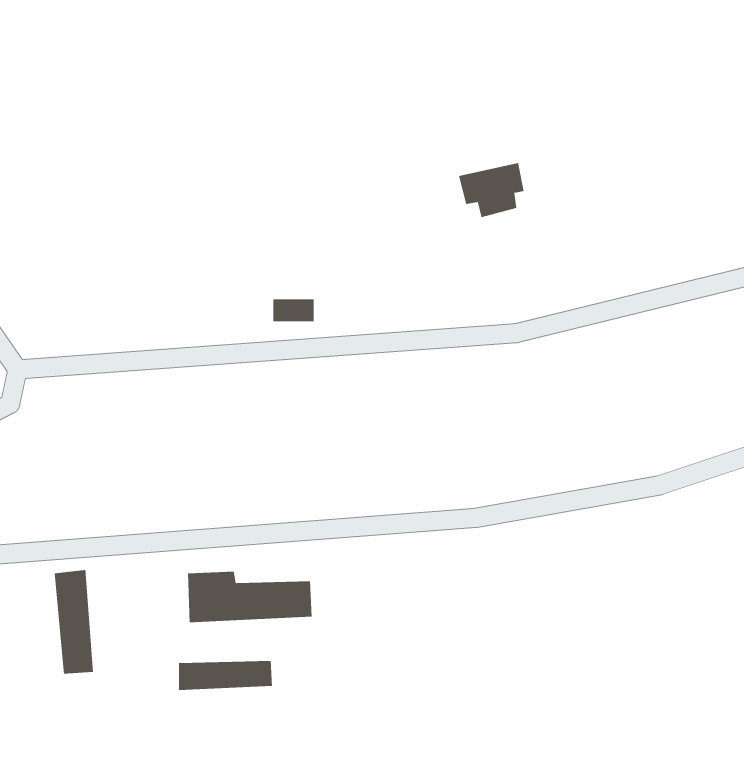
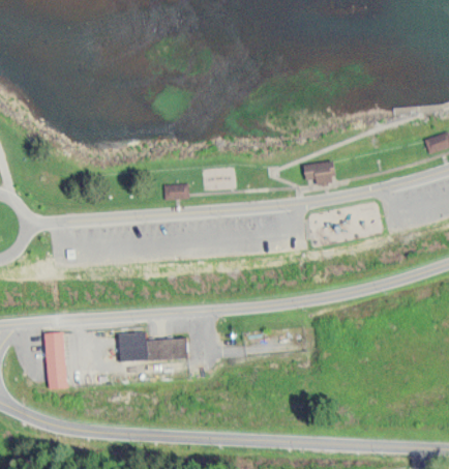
building: [458,163,525,218] -> [301,159,337,189]
building: [179,660,273,691] -> none

